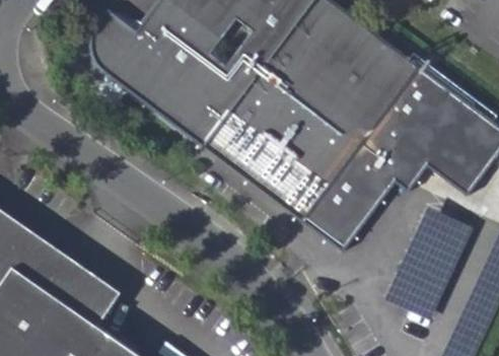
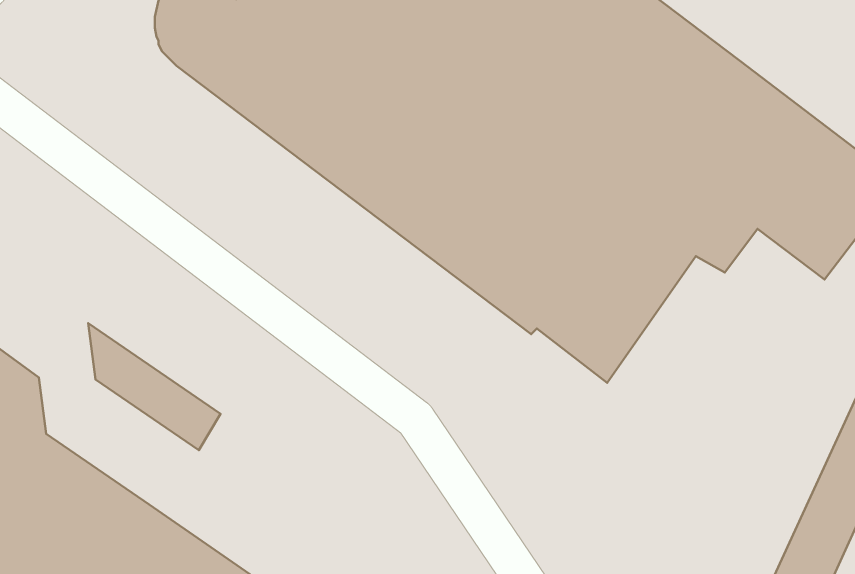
building: [382,206,473,321] -> none
building: [27,244,101,315] -> [88,323,220,450]

